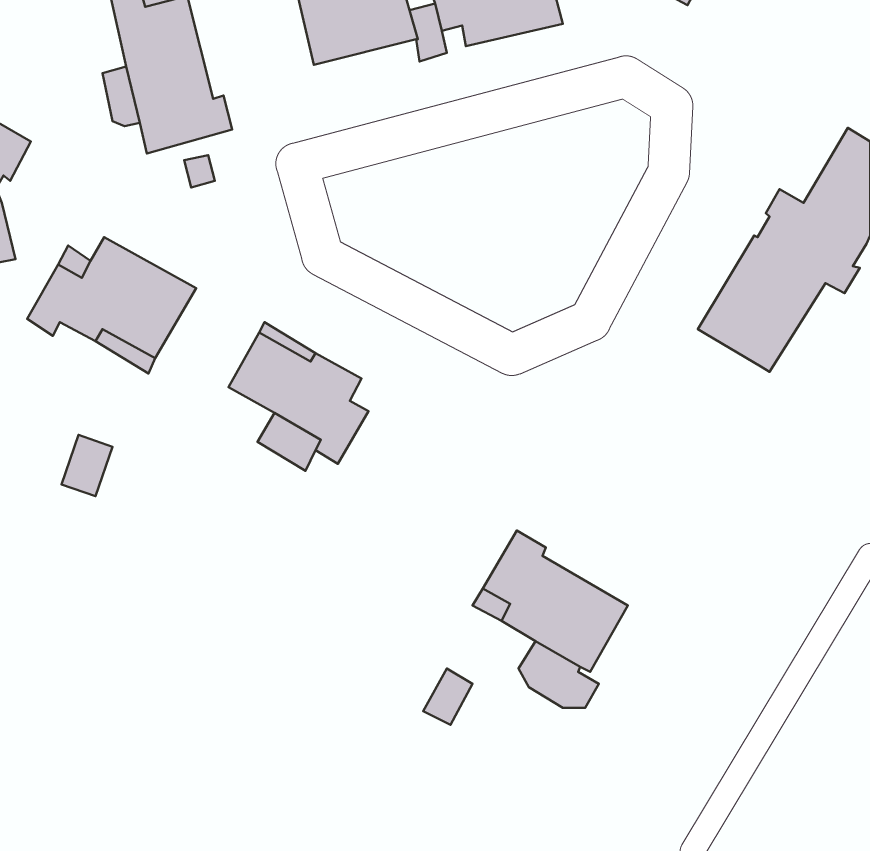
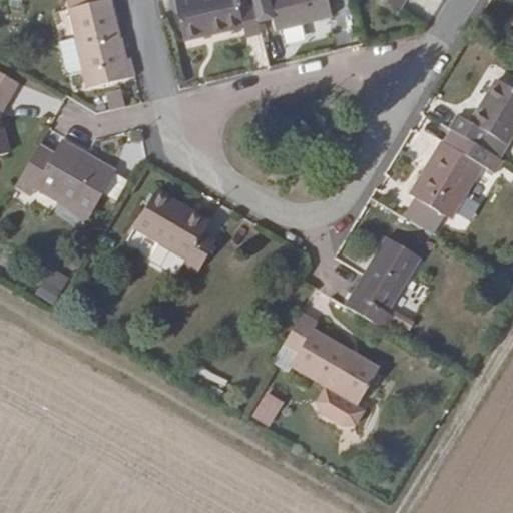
building: none -> [404,196,447,234]
building: none -> [348,235,425,331]

